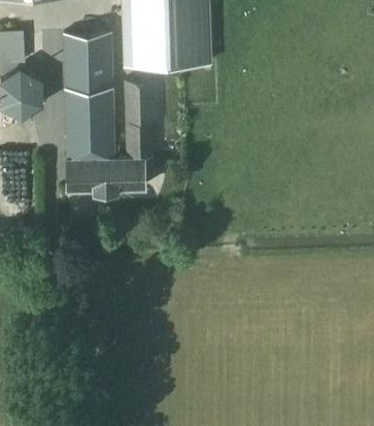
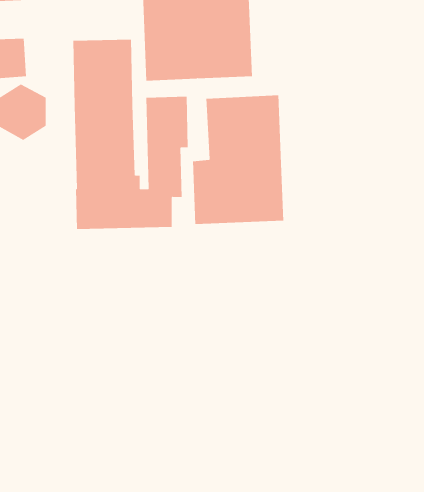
building: none -> [192,95,284,225]

